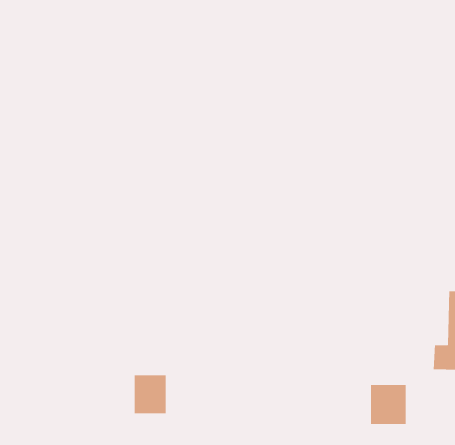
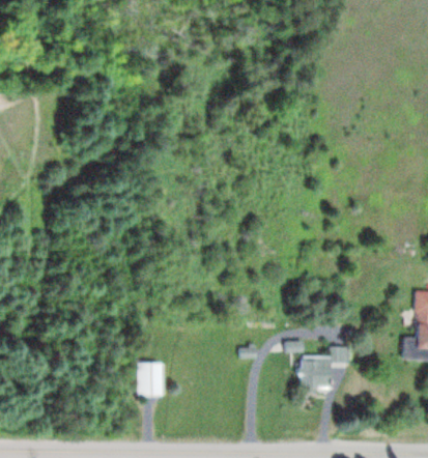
building: [370,384,406,425] -> [305,355,336,391]

